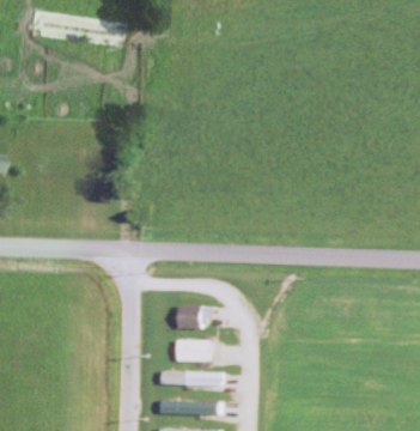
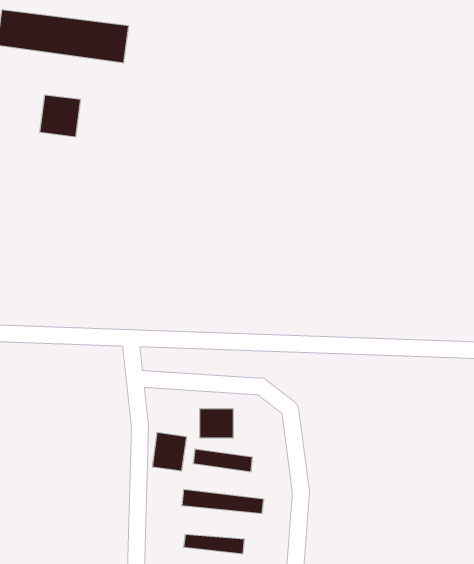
building: none -> [40,95,80,137]
building: none -> [152,432,186,471]

